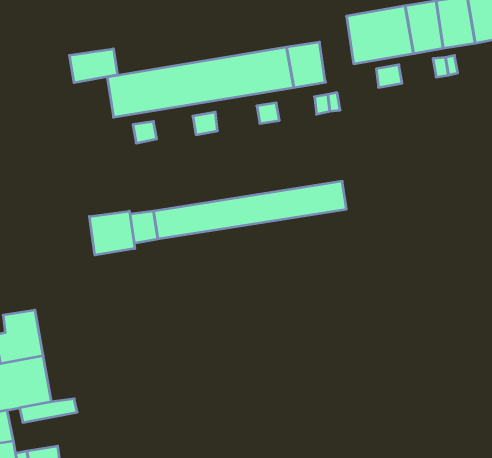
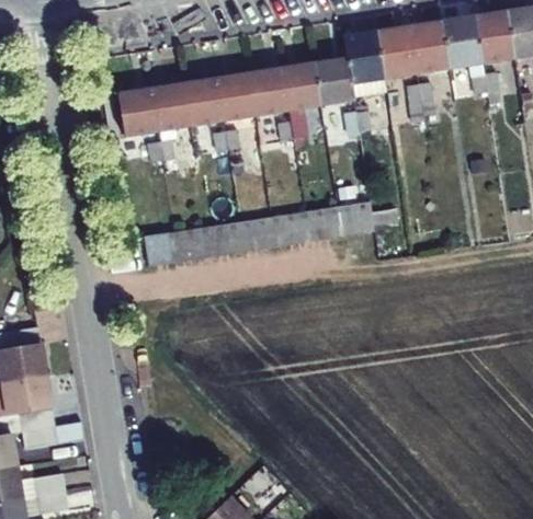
building: none -> [340,28,383,95]
building: [69,49,118,83] -> none
building: [89,211,135,255] -> none

